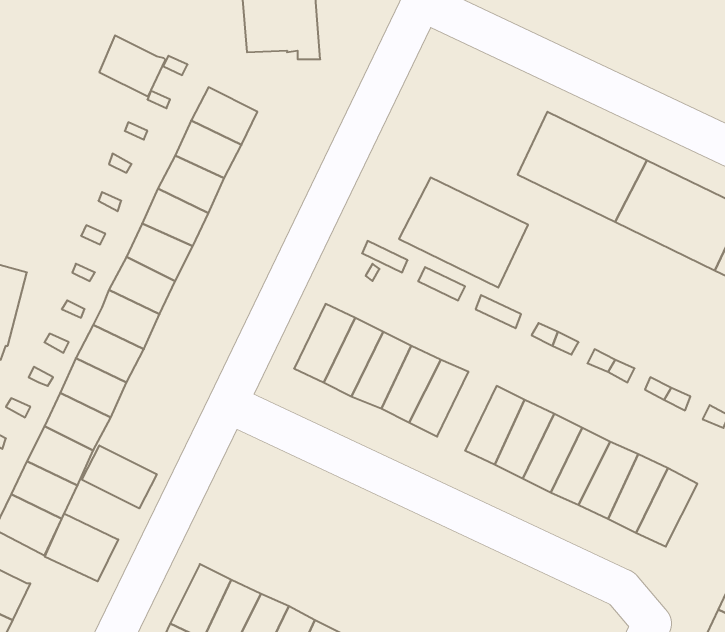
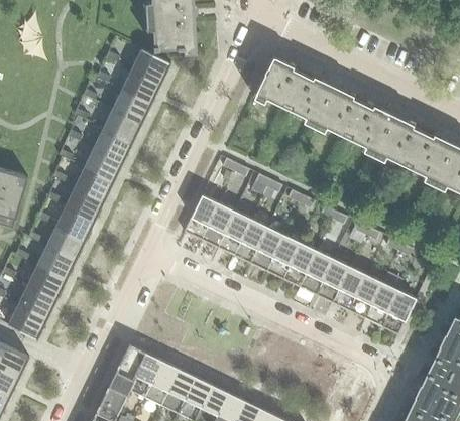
building: [99,35,166,97] -> [132,48,170,84]
building: [399,178,528,288] -> [253,56,328,120]
building: none -> [264,234,299,279]
building: [82,445,157,508] -> none
building: [45,513,118,581] -> none

